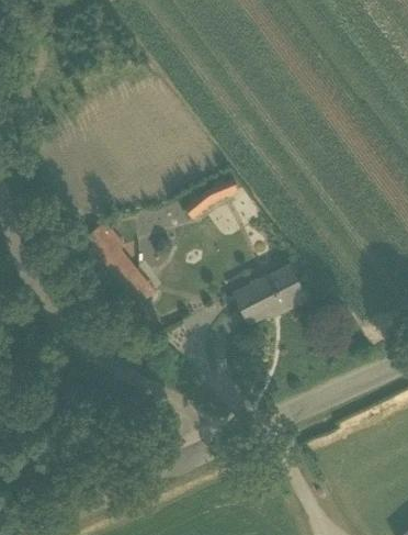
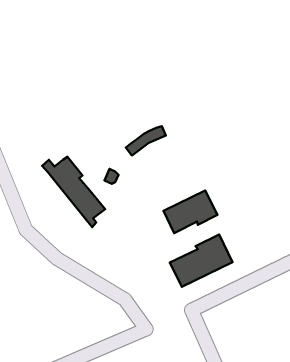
building: none -> [170,235,232,287]

